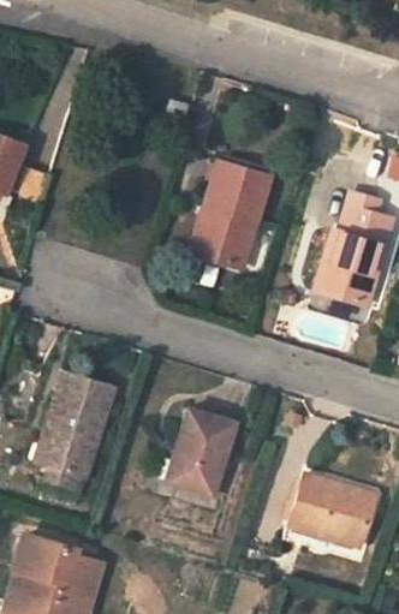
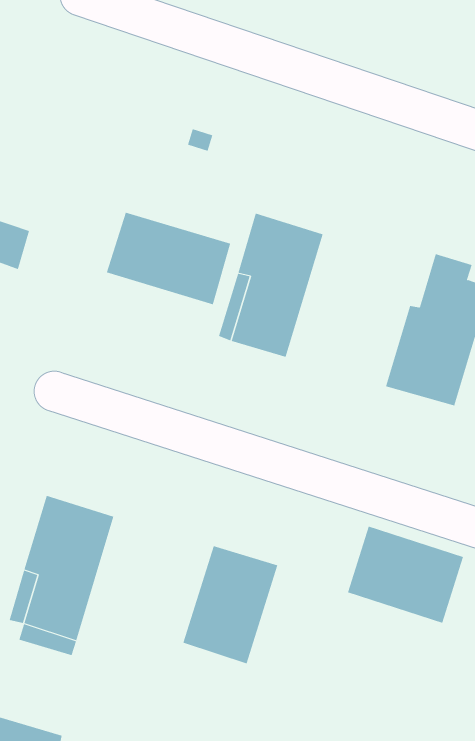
building: none -> [106,212,231,305]
building: [288,475,375,547] -> [347,526,464,623]

